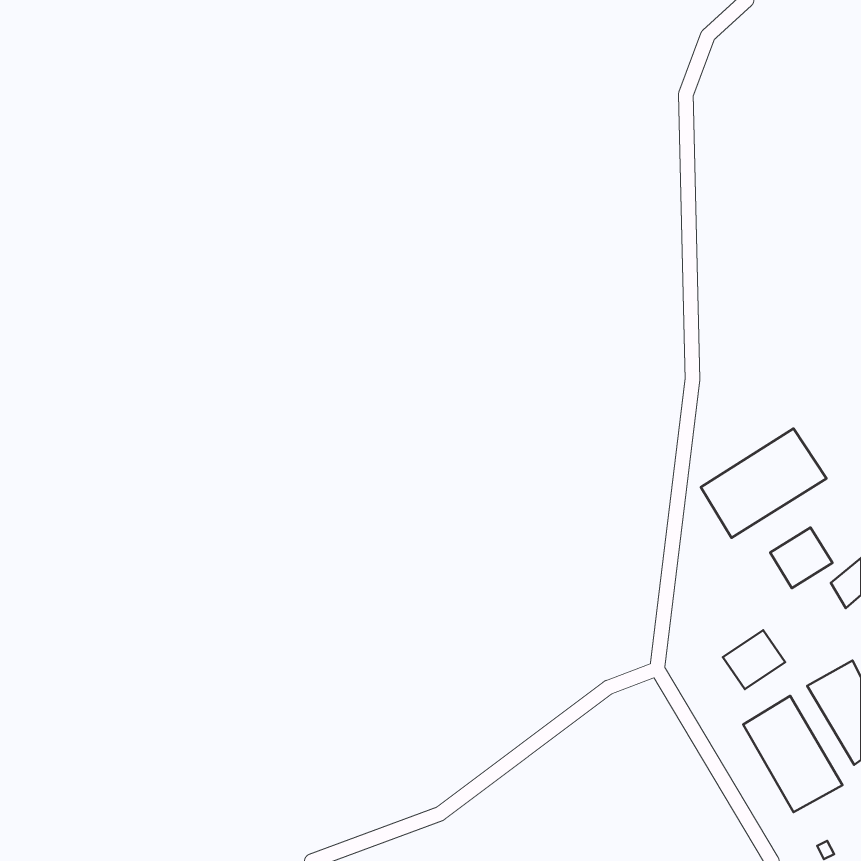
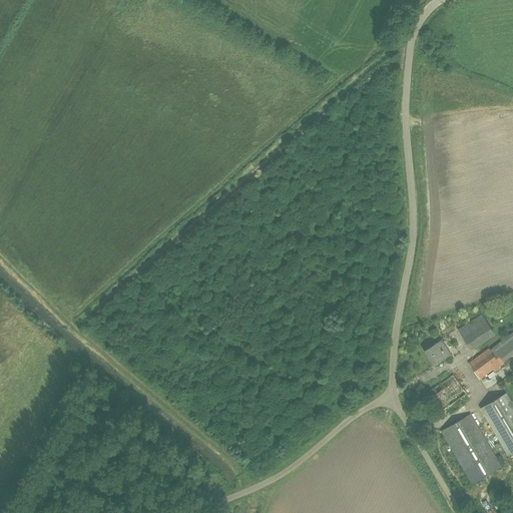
building: [701,428,827,538] -> none
building: none -> [424,340,451,365]
building: none -> [468,348,500,380]

